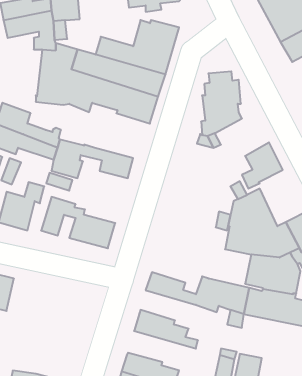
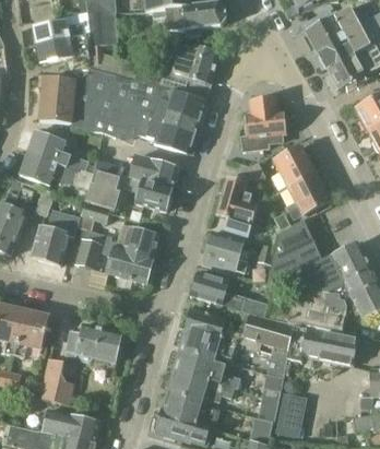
building: none -> [40,74,78,123]
building: none -> [275,144,314,186]
building: none -> [132,154,179,188]
building: none -> [218,177,257,236]
building: none -> [121,226,161,256]
building: none -> [205,231,248,271]
building: none -> [191,271,270,316]
building: none -> [66,323,122,362]
building: none -> [180,326,238,361]
building: none -> [40,357,73,405]
building: none -> [167,368,238,402]

